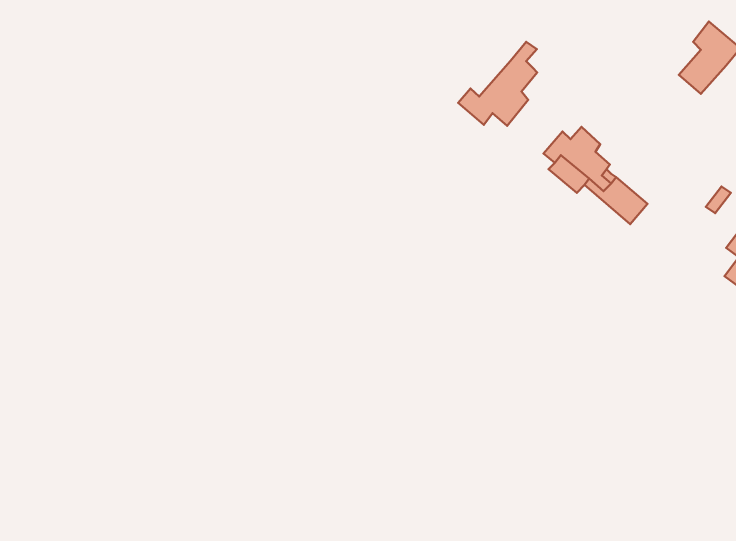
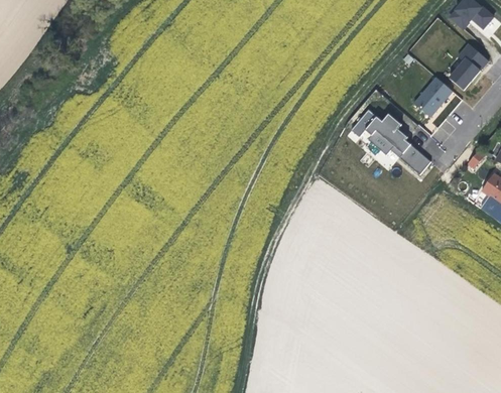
building: [458,42,537,126] -> none
building: none -> [414,78,453,117]

